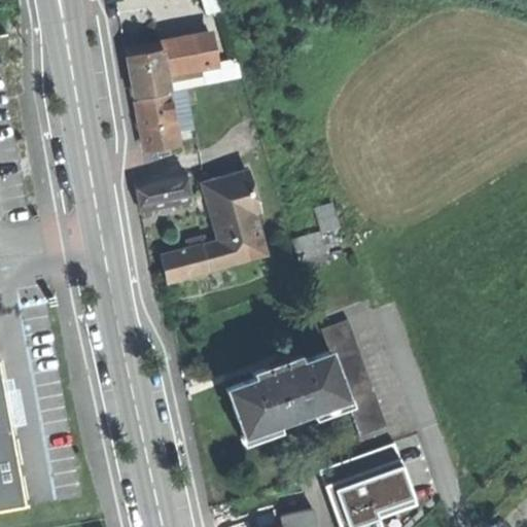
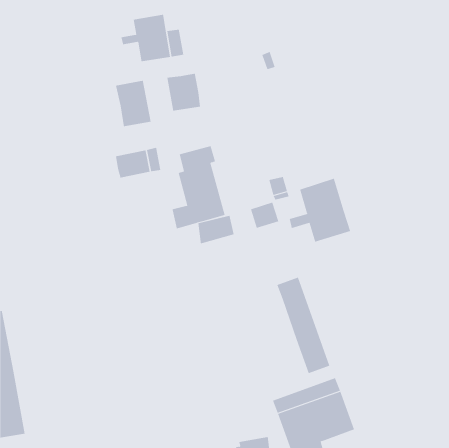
building: [127,52,167,97] -> [166,73,201,111]
building: none -> [289,178,351,242]
building: [163,248,206,282] -> [198,215,235,244]
building: [226,352,346,436] -> none

